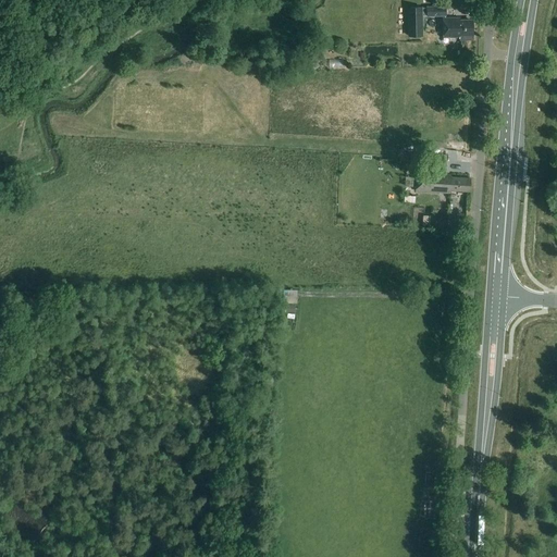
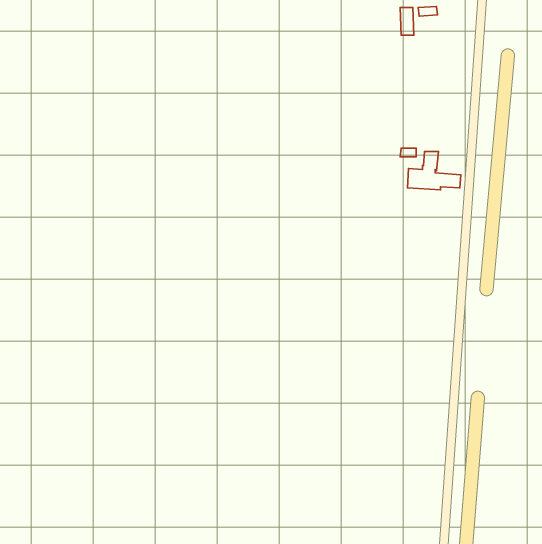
building: [446,17,476,40] -> none

